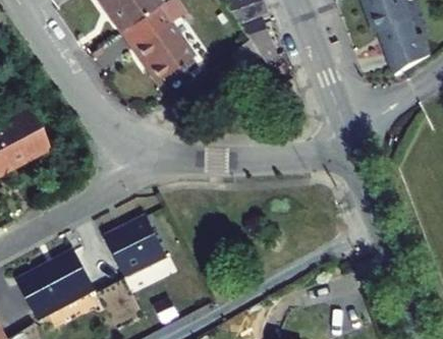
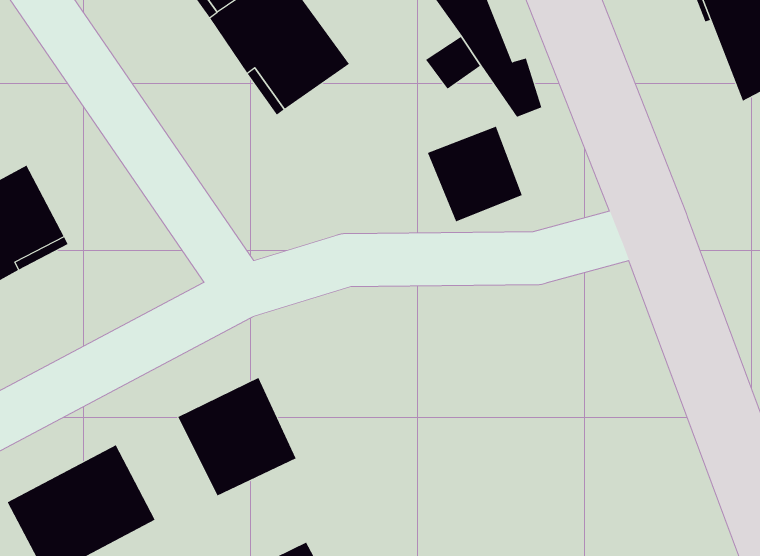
building: none -> [427,126,522,222]

